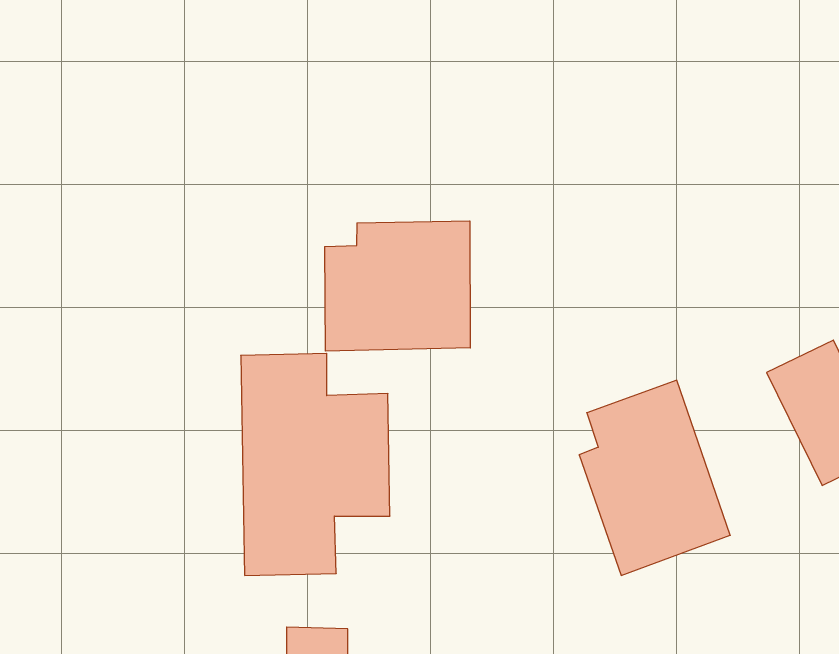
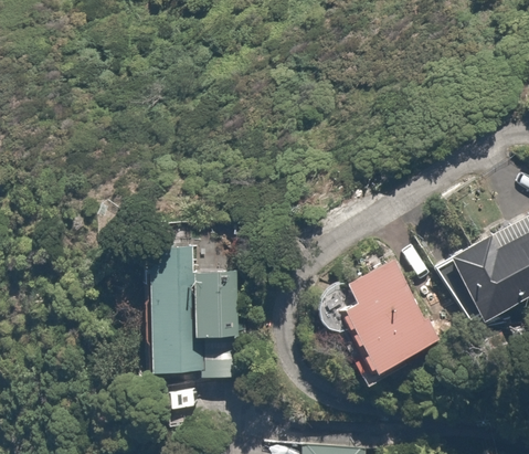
building: [325,221,470,351] -> none

